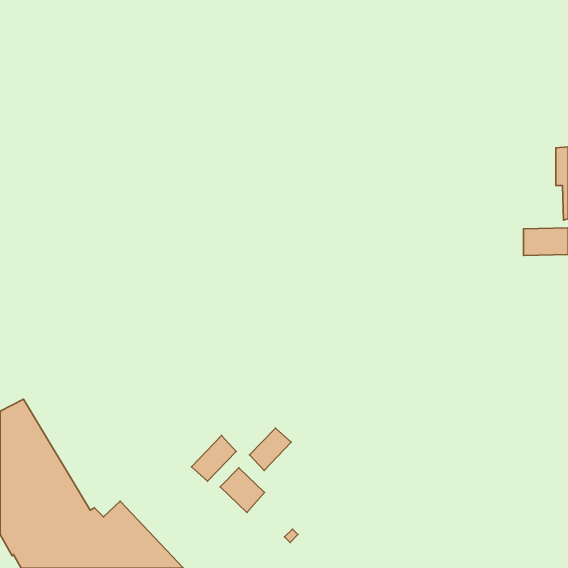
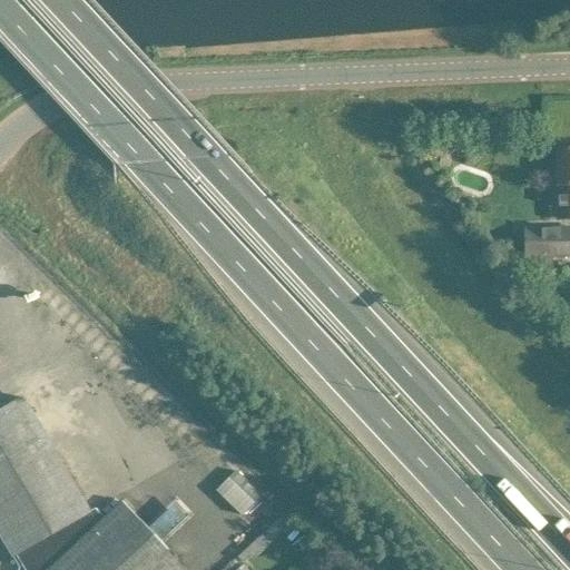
building: [250,428,291,470] -> none
building: [191,436,236,481] -> none

